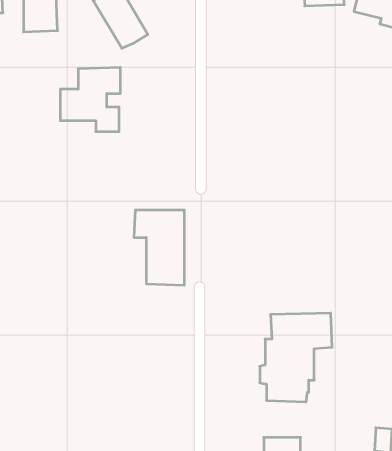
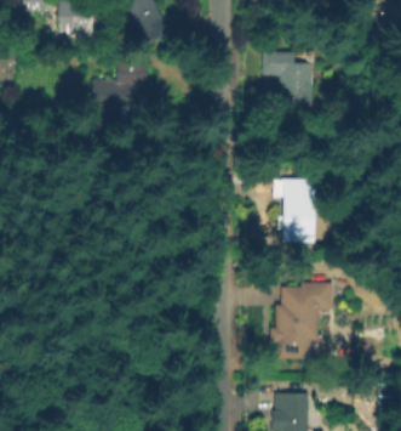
building: none -> [263,52,311,106]
building: [134,210,184,285] -> [270,178,315,245]

